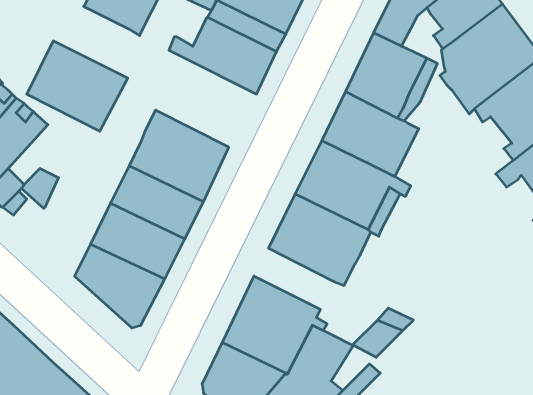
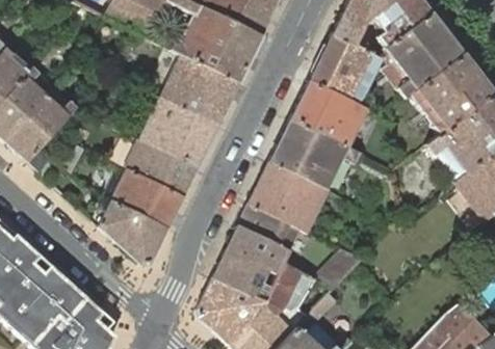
building: [27,41,128,131] -> [160,54,239,125]
building: none -> [237,204,313,250]

